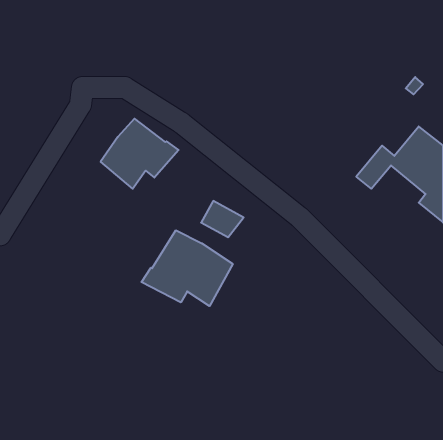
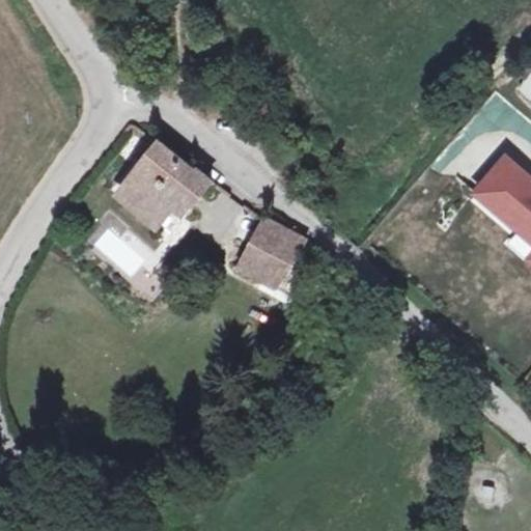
building: none -> [255,218,308,260]
building: [141,230,233,306] -> none

